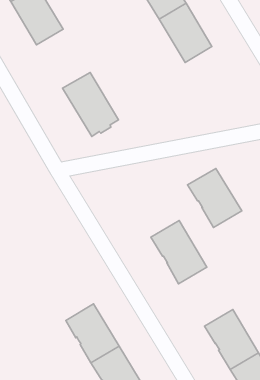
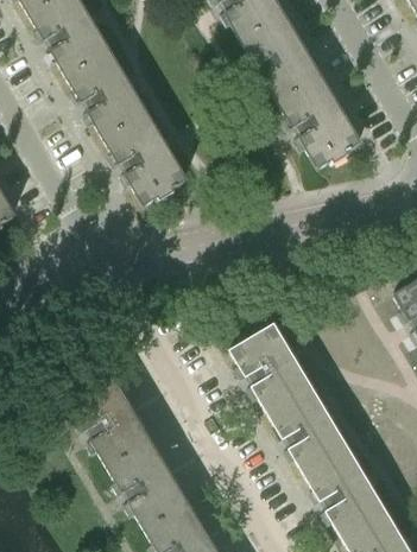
building: none -> [69,51,145,135]
building: none -> [280,76,360,167]
building: [188,168,242,227] -> [271,391,348,475]
building: none -> [72,377,150,467]

